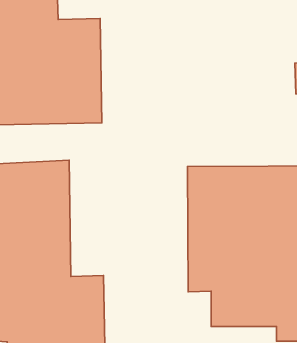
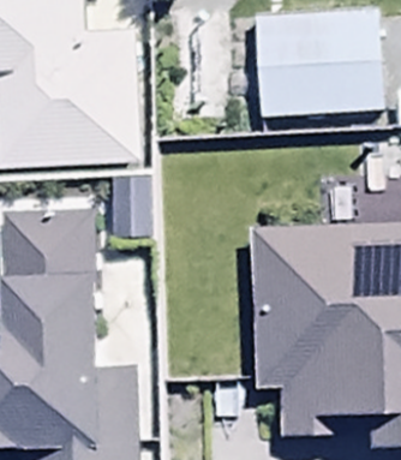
building: none -> [257,7,383,114]

